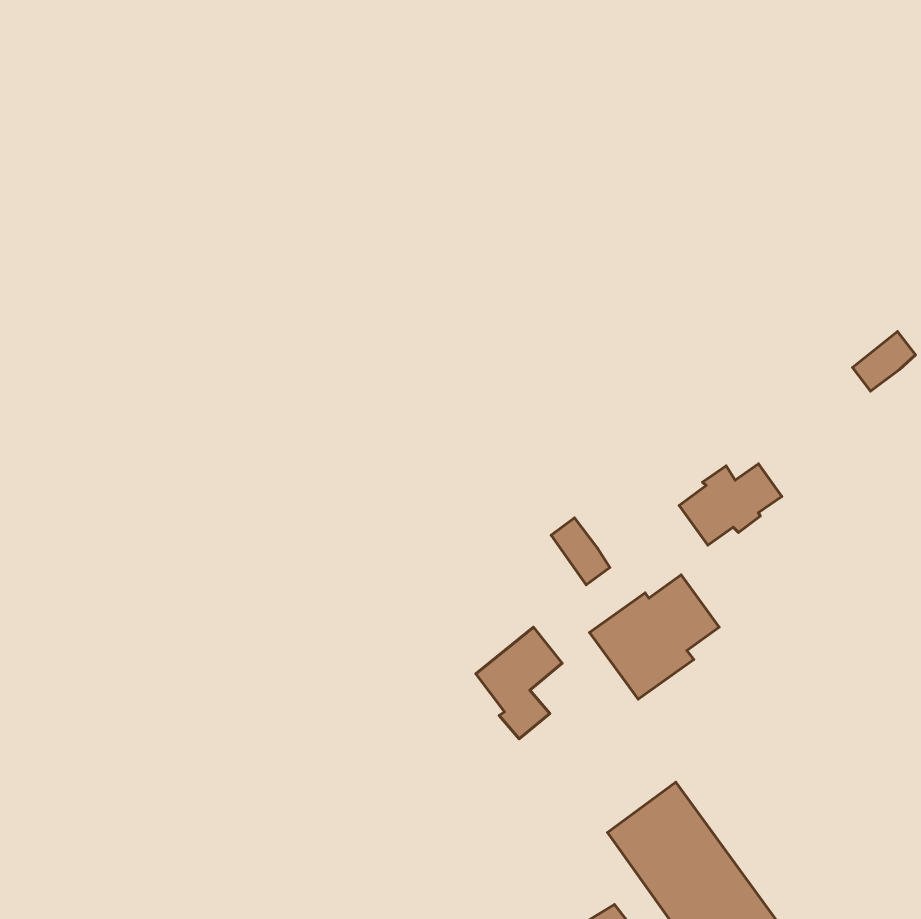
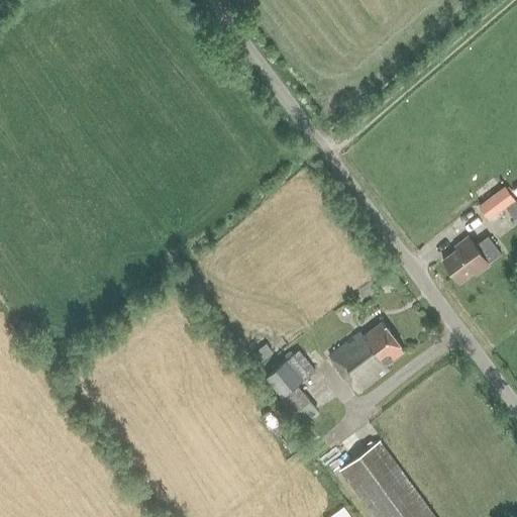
building: [679,464,782,545] -> [442,237,500,283]
building: [551,518,610,585] -> none

